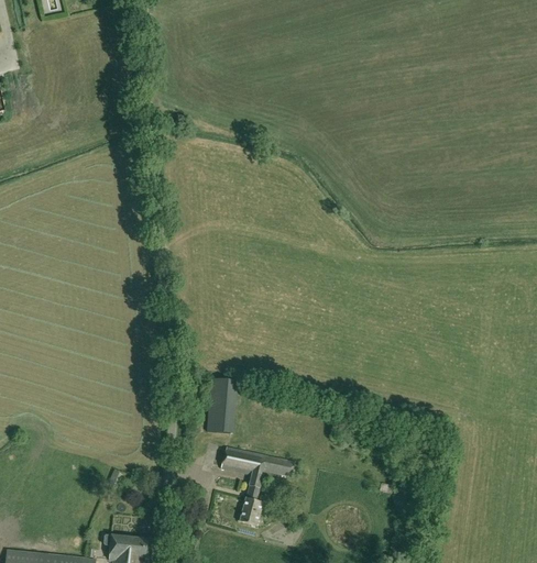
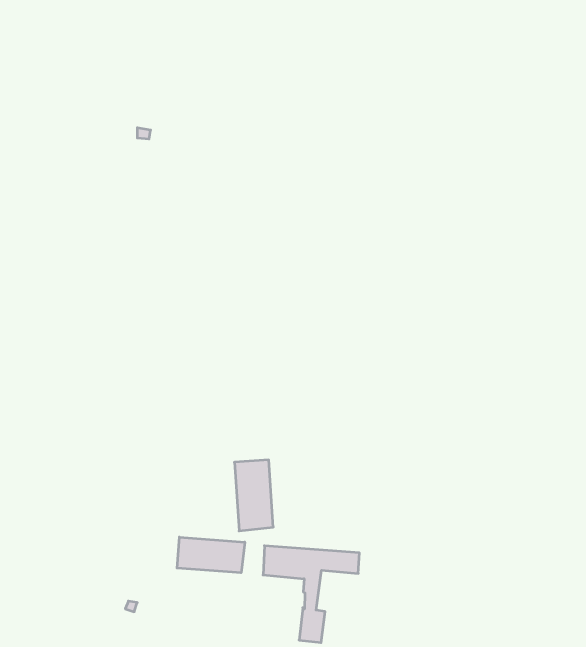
building: none -> [177,537,245,573]

